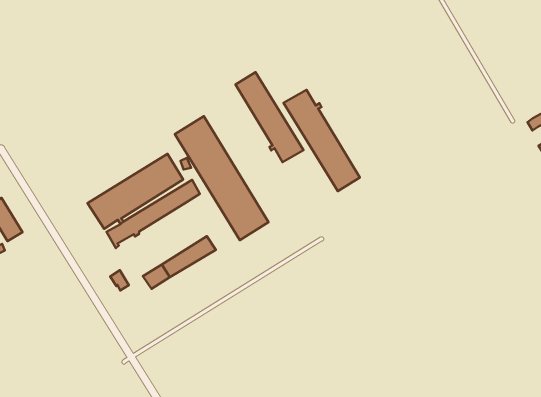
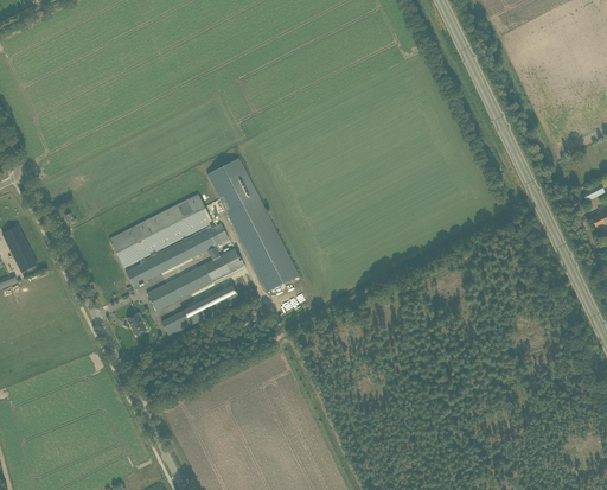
building: [236,72,303,162] -> none
building: [284,90,360,191] -> none
building: none -> [147,247,245,311]

